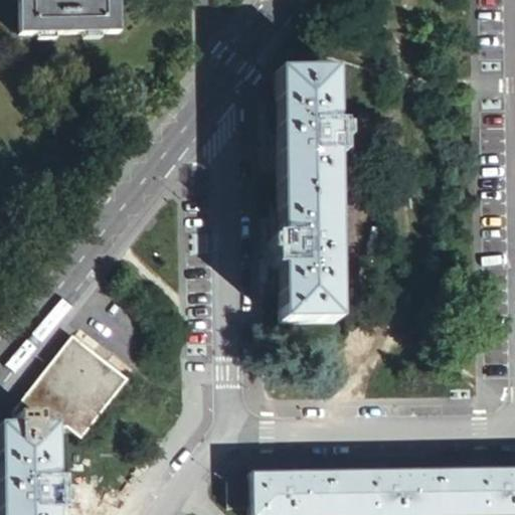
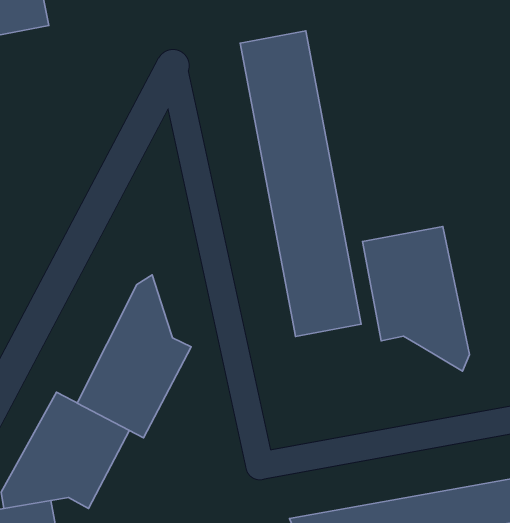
building: none -> [77,275,191,438]
building: none -> [363,226,470,371]

